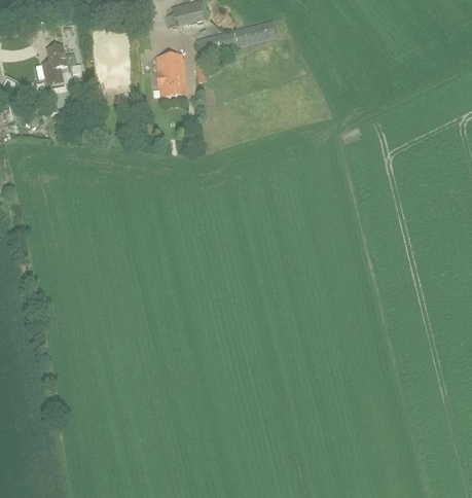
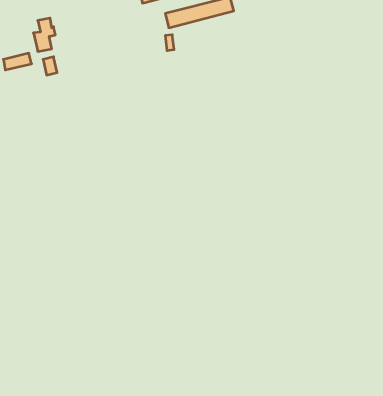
building: [156,52,186,96] -> none

